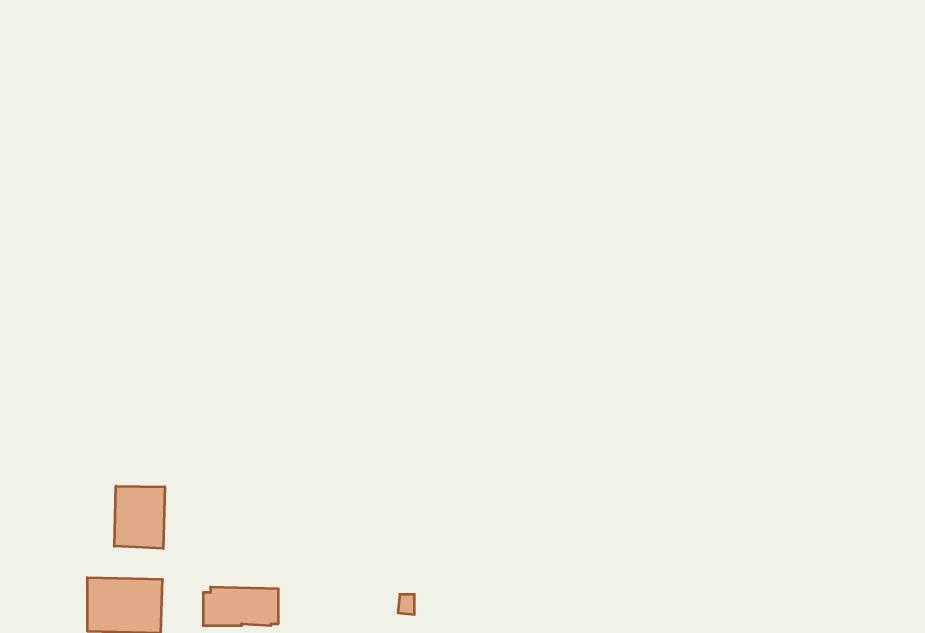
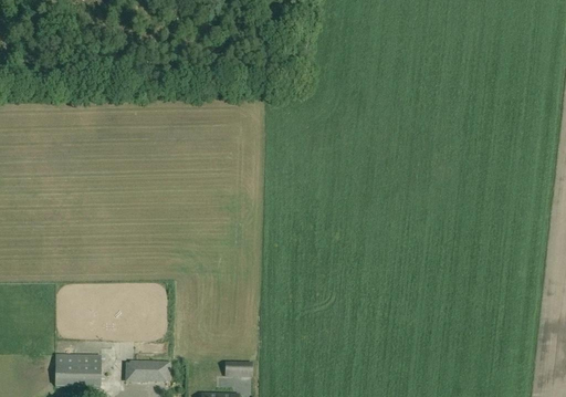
building: [114,486,165,549] -> none

